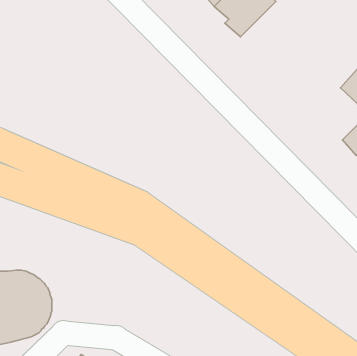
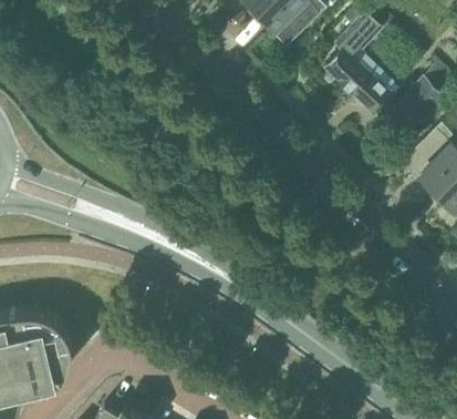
building: none -> [324,12,391,112]

